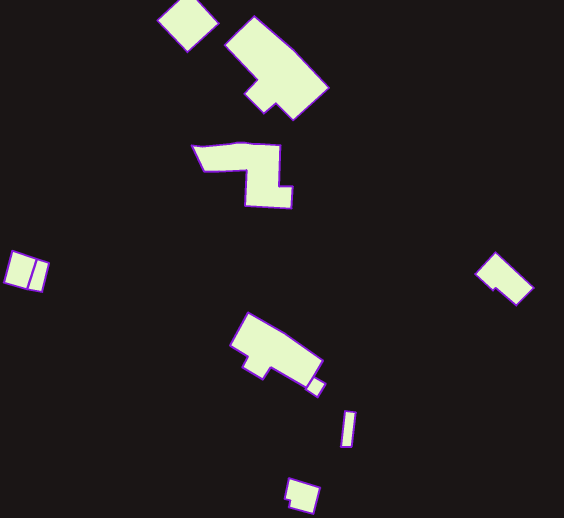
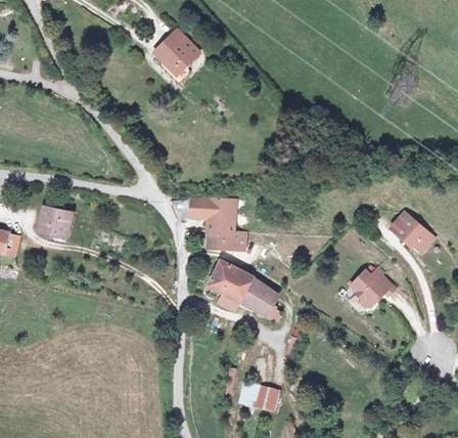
building: [225,16,329,120] -> none
building: [192,143,293,208] -> [169,196,244,246]
building: none -> [350,268,394,307]

